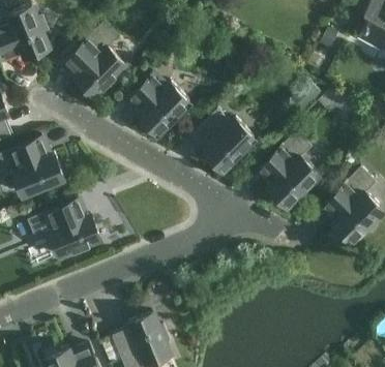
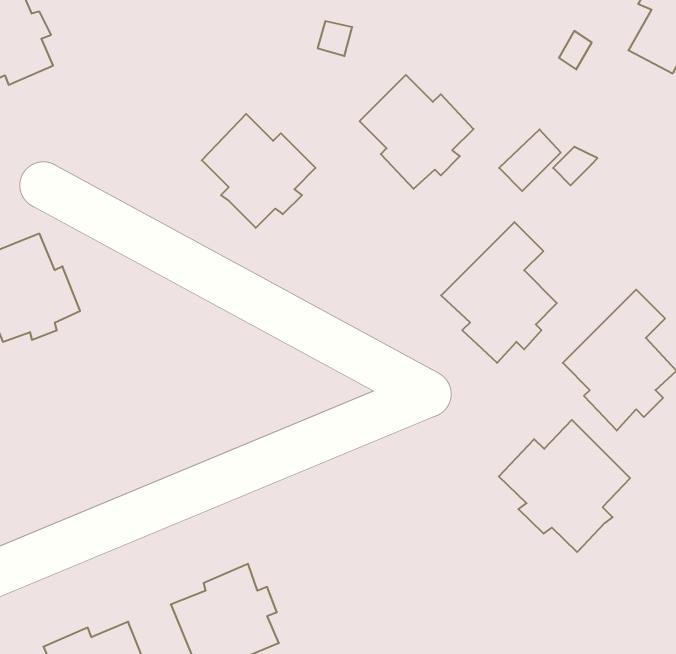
building: [63,23,124,97] -> none
building: [192,109,254,170] -> [360,75,474,189]
building: [27,198,100,256] -> none
building: none -> [499,420,630,552]

